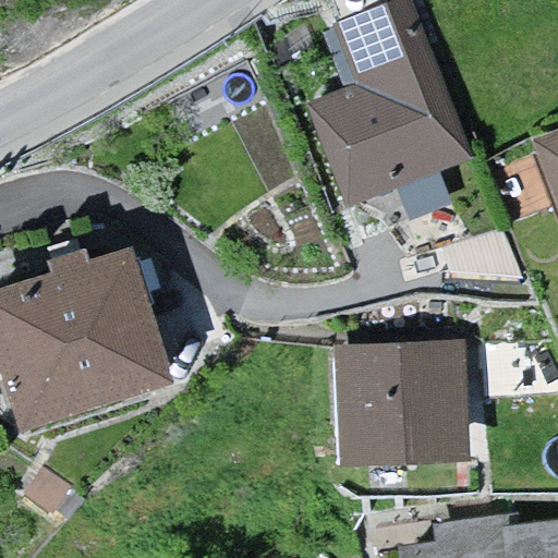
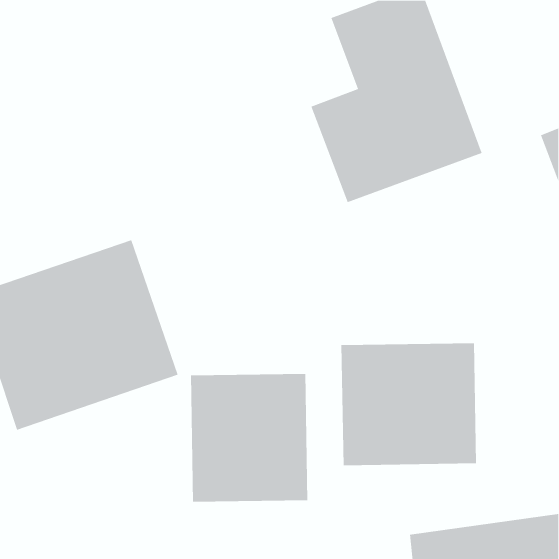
building: none -> [190,373,308,503]

